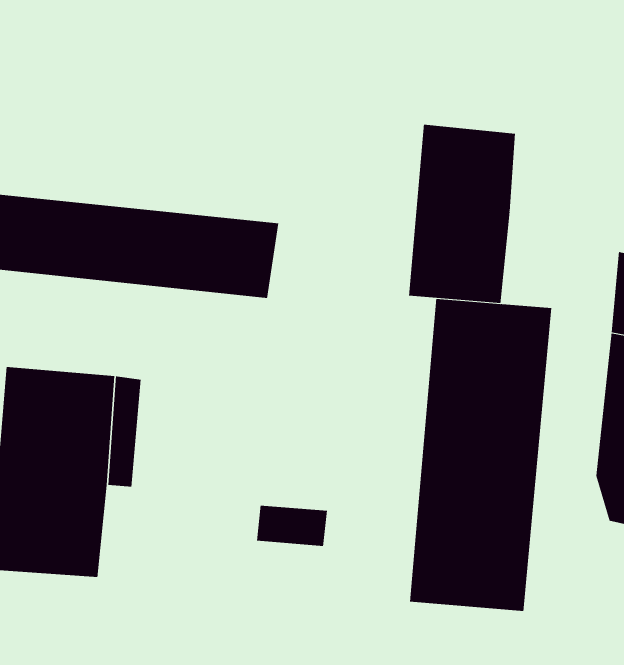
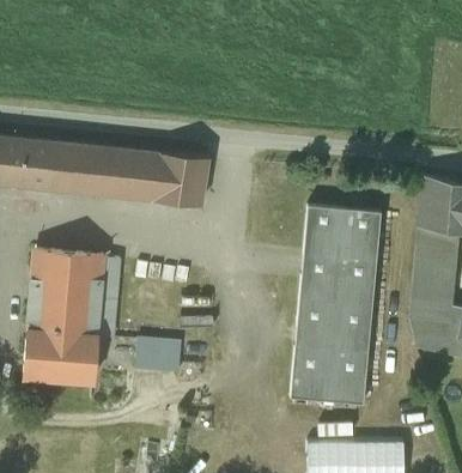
building: [409,124,515,304] -> none
building: [256,505,328,546] -> [135,340,181,366]

